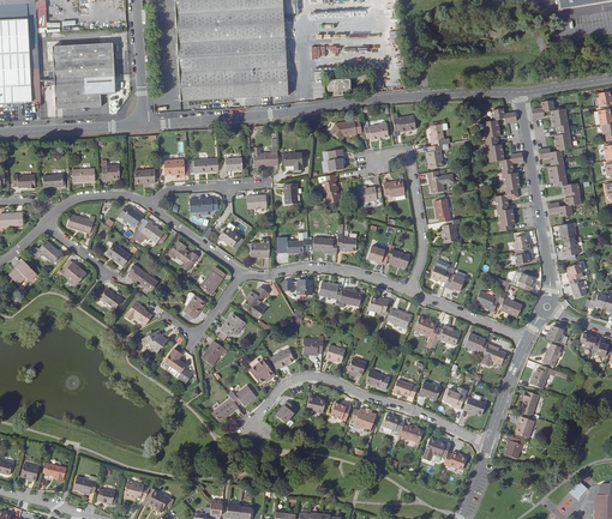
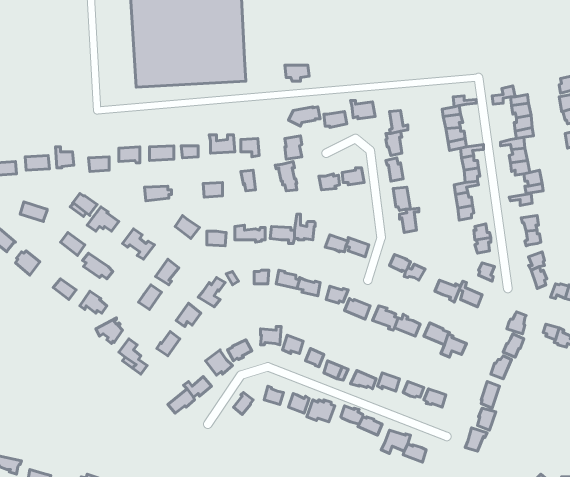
building: [53,42,116,107] -> none

